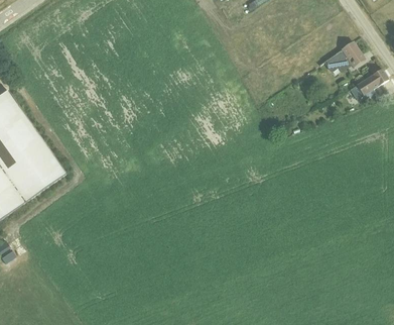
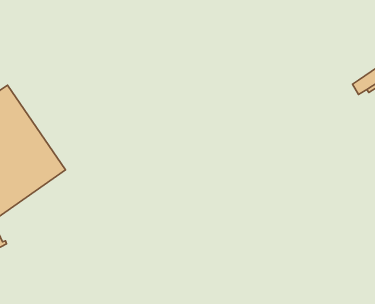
building: [323,40,365,72] -> none

